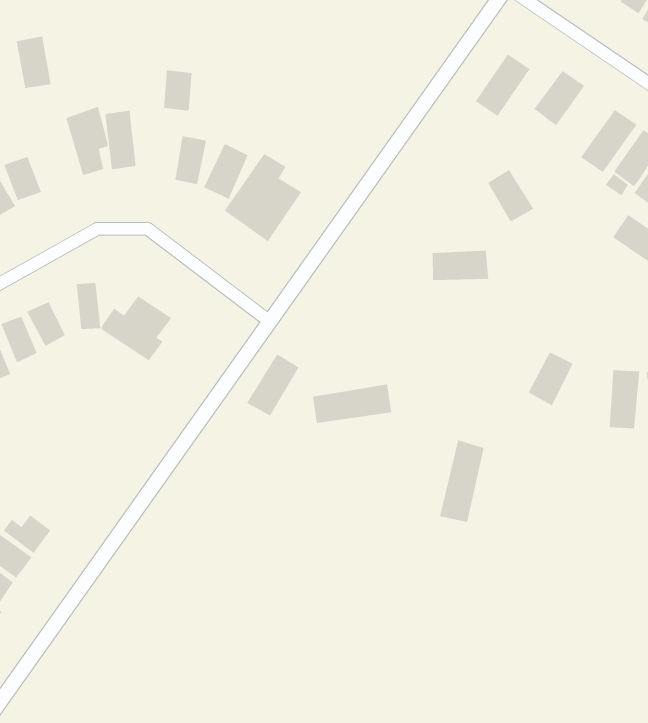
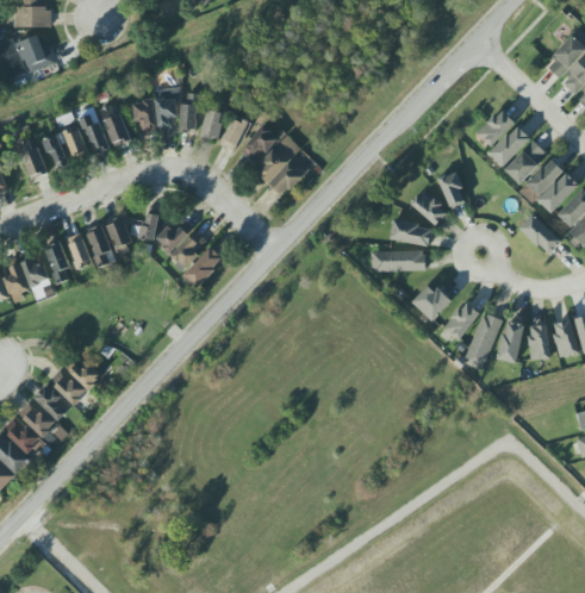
building: [16,36,52,88] -> [135,100,155,135]
building: [475,53,530,117] -> [488,124,530,167]
building: [163,70,193,111] -> [200,108,224,139]
building: none -> [409,189,448,225]
building: none -> [411,282,450,322]
building: [246,353,300,417] -> [182,245,223,288]
building: [312,384,392,424] -> [371,250,424,270]
building: [439,440,484,523] -> [462,312,500,370]

